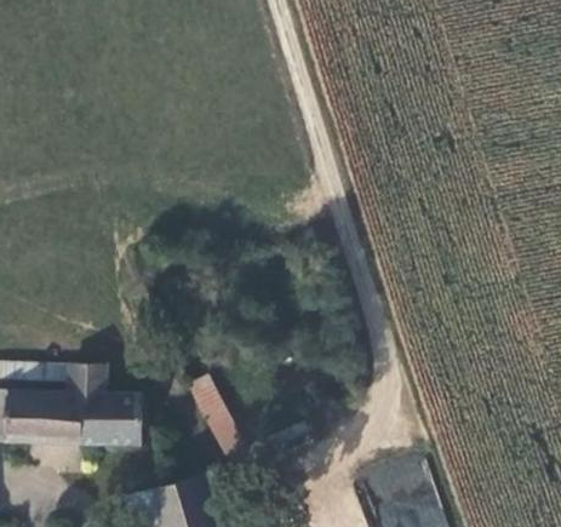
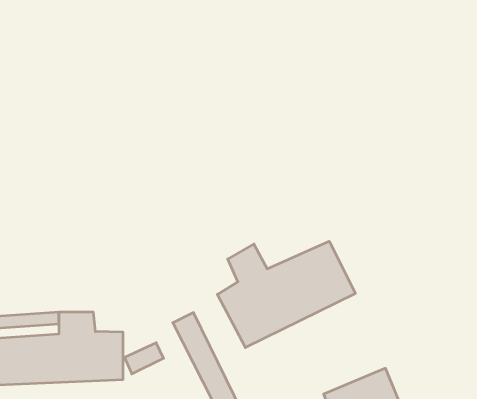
building: none -> [217,241,355,348]

